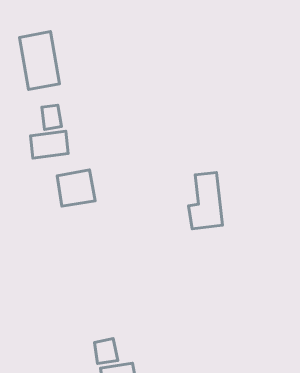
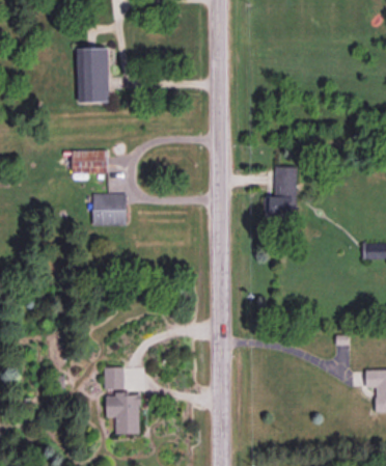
building: [42,105,61,130] -> none
building: [189,173,222,229] -> [264,166,297,221]

